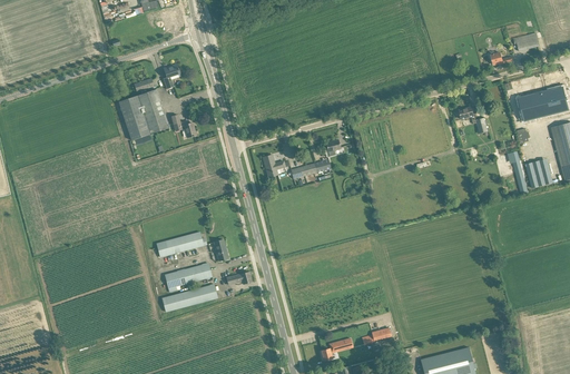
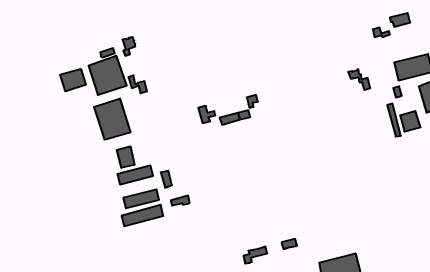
building: none -> [60,69,86,91]
building: none -> [94,98,130,140]
building: none -> [117,146,134,168]

